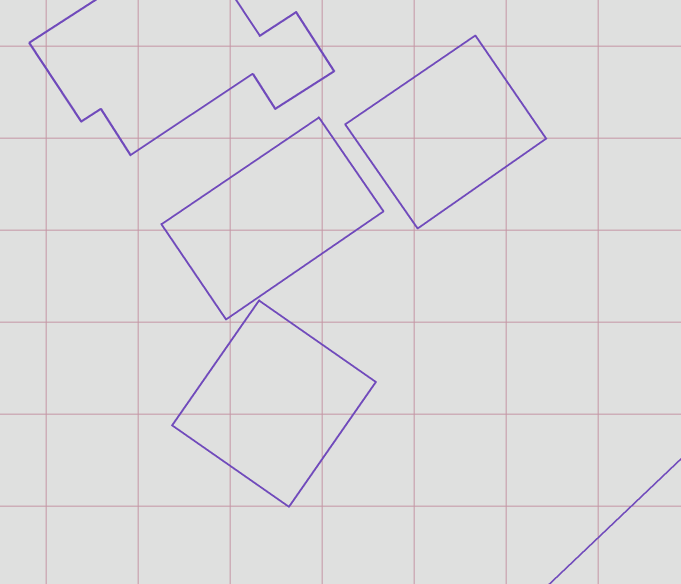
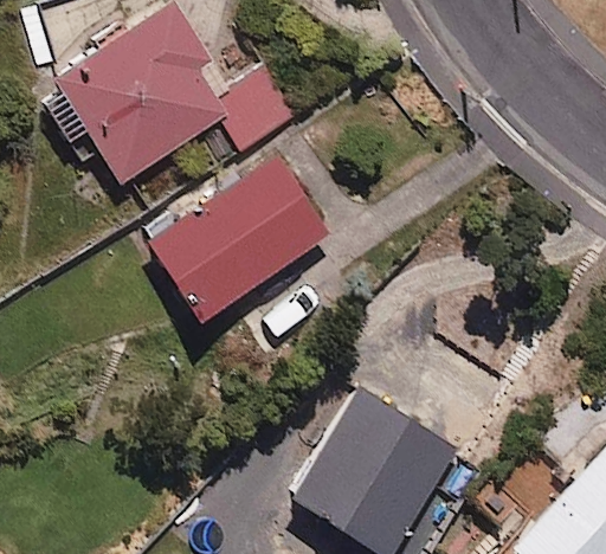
building: [345,36,546,228] -> none
building: [172,300,376,507] -> [282,369,453,543]

